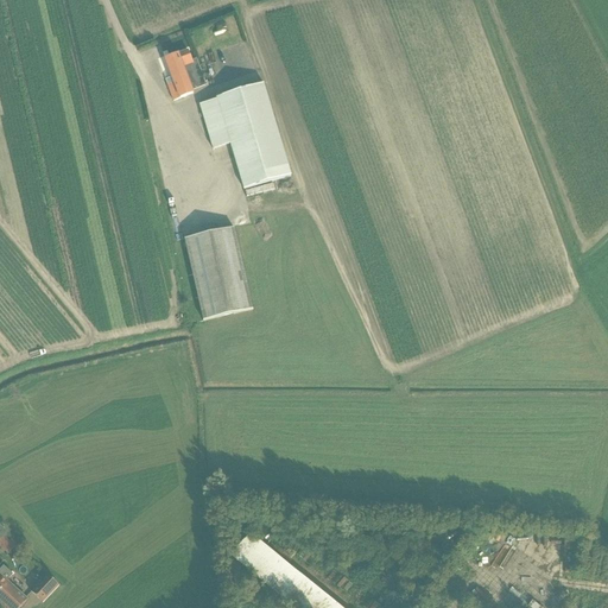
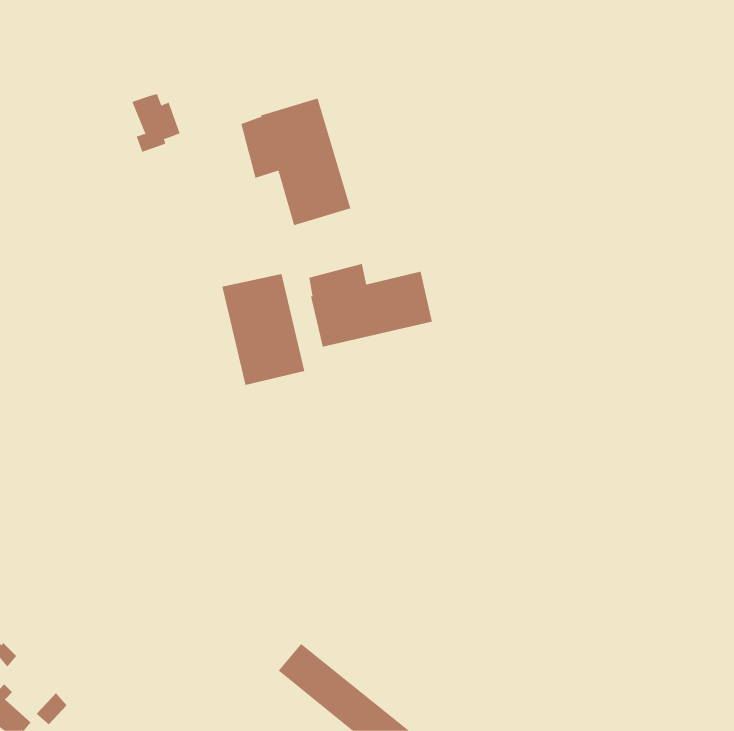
building: [164,49,204,97] -> [132,93,181,152]
building: none -> [309,263,433,348]

